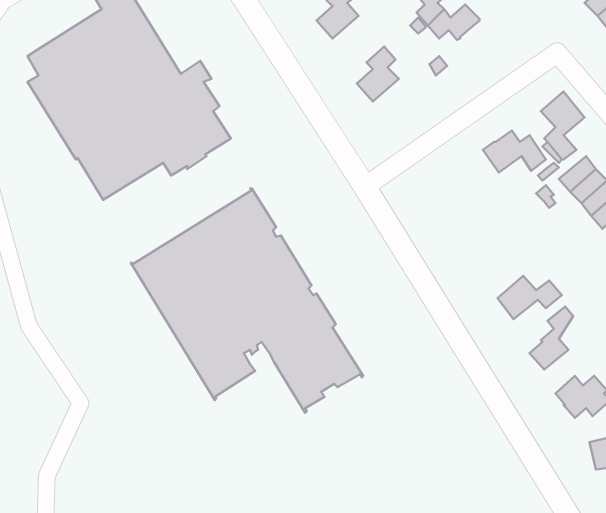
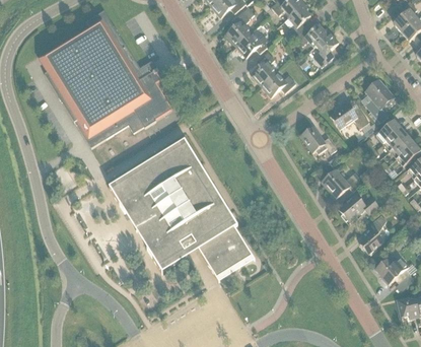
building: none -> [235,30,271,56]
building: none -> [314,30,339,65]
building: none -> [261,70,296,96]
building: none -> [301,126,337,153]
building: none -> [322,168,362,197]

